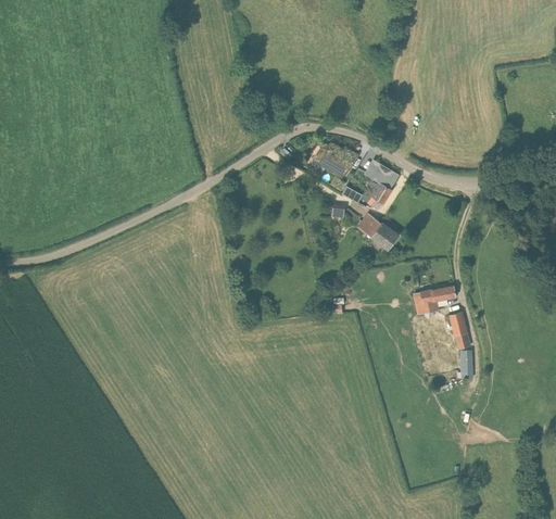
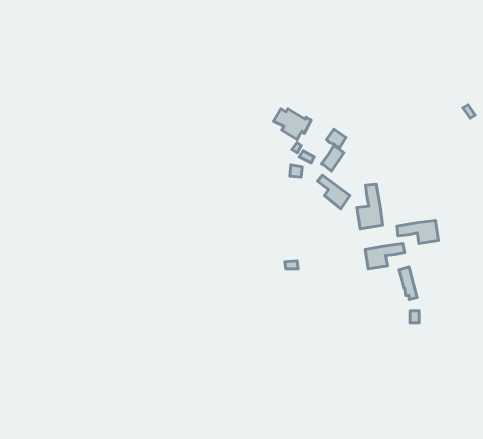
building: none -> [357,184,382,229]
building: none -> [397,220,439,244]

